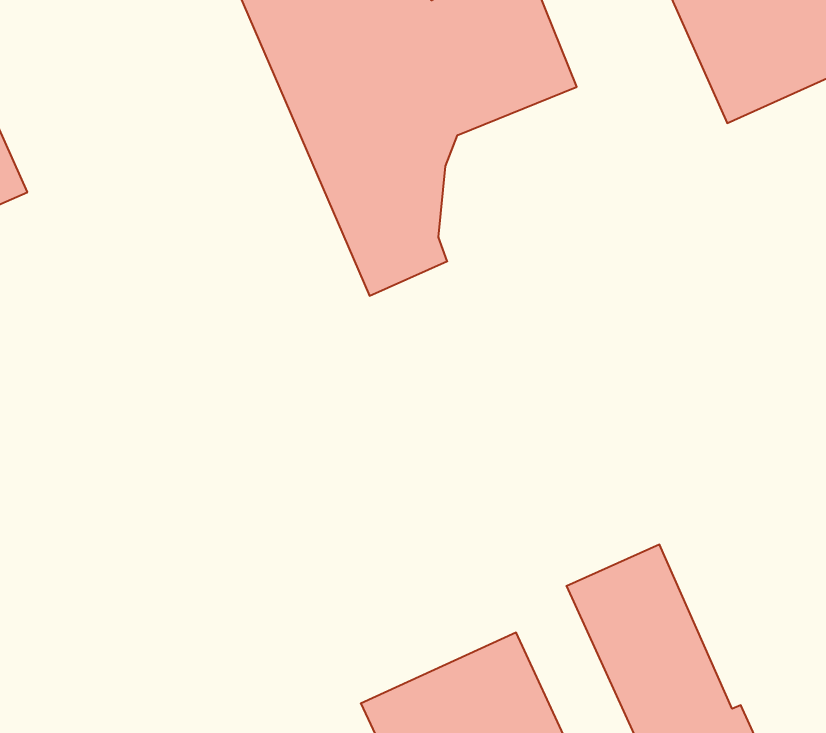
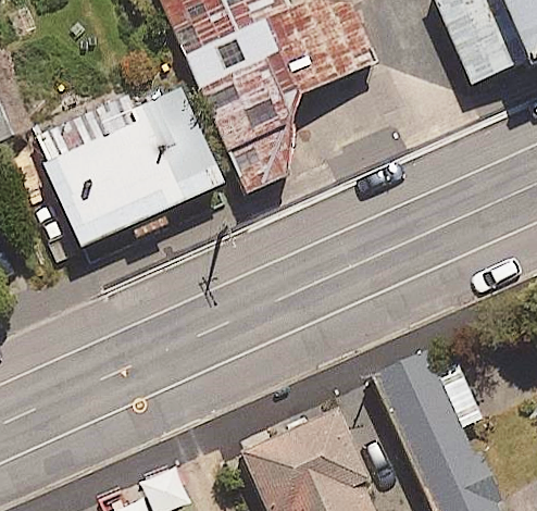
building: none -> [32,75,220,248]

